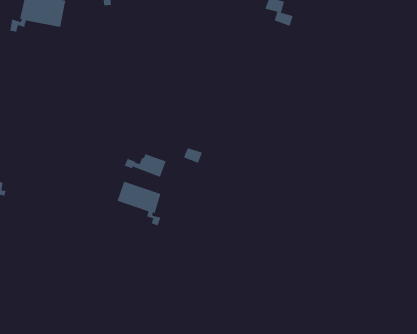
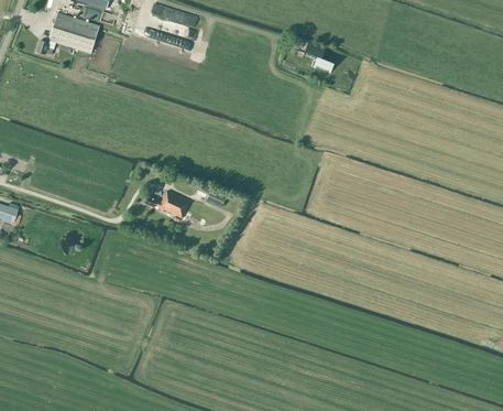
building: [117,181,161,226] -> none

